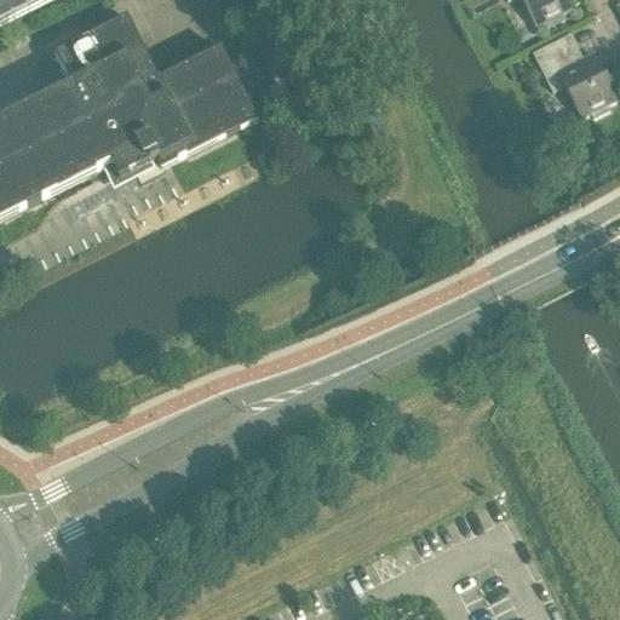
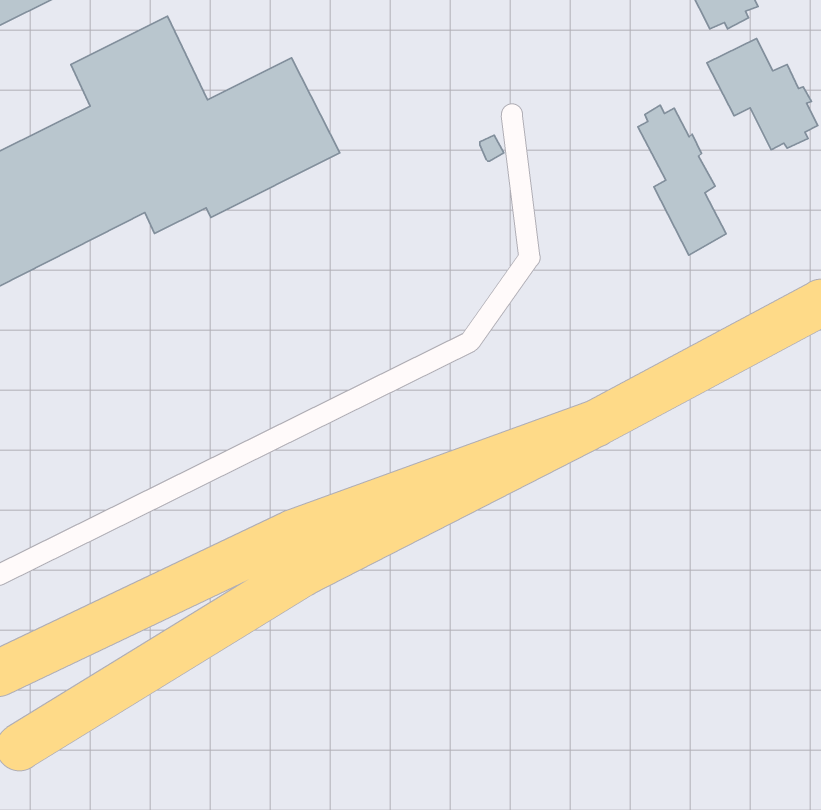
building: none -> [638,105,726,255]

